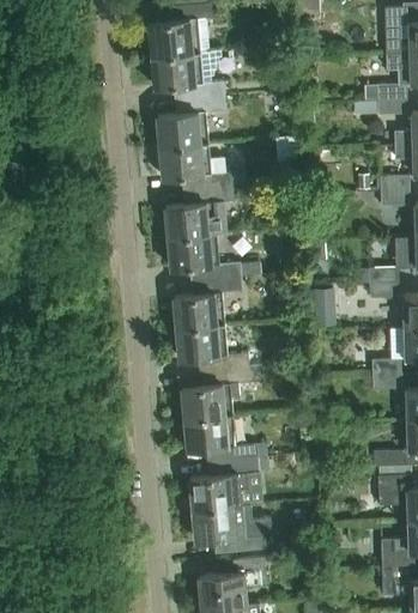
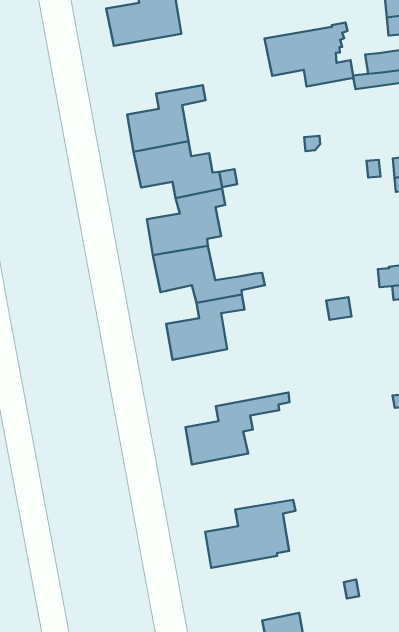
building: [149,50,222,102] -> [264,23,353,86]
building: [174,326,271,374] -> none
building: [182,417,266,463] -> none
building: [190,506,268,553] -> none

